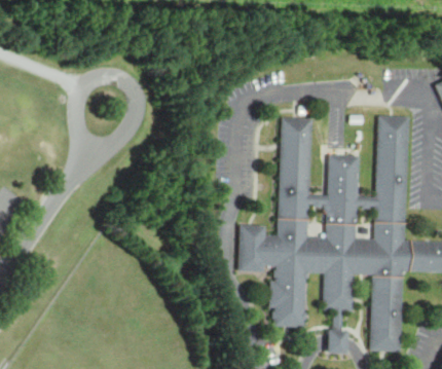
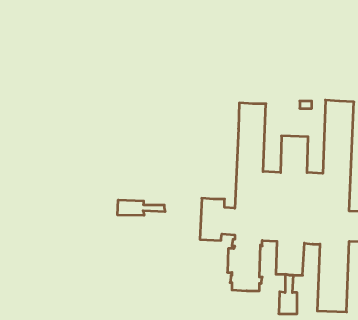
building: none -> [118,200,165,215]

